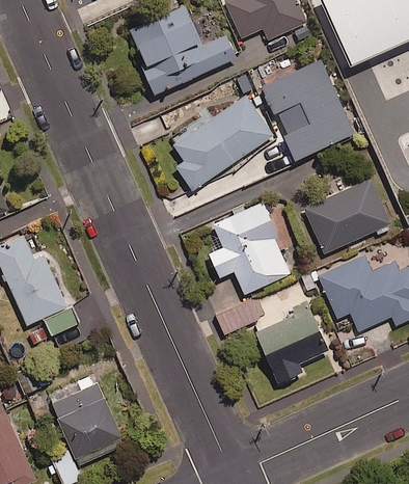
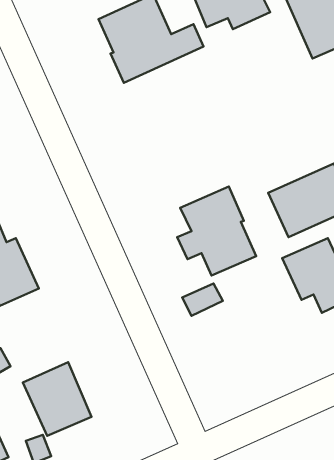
building: [261,61,352,160] -> none
building: [172,95,274,190] -> none
building: [256,311,329,382] -> none

